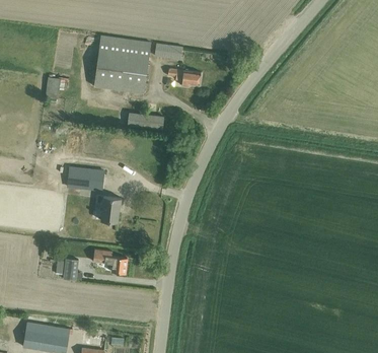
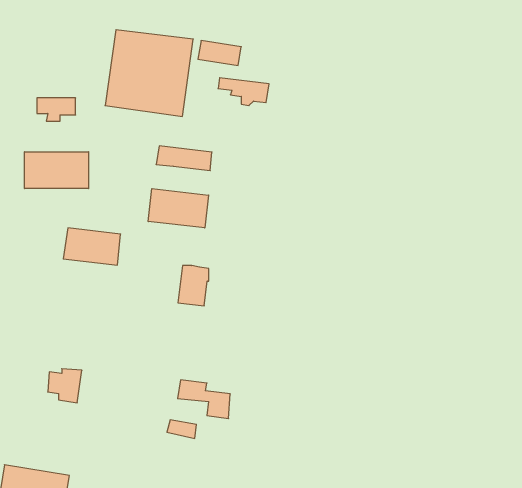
building: none -> [25,152,89,189]
building: none -> [148,189,209,228]
building: [100,197,121,223] -> [178,266,209,306]
building: [92,250,127,275] -> [178,380,230,419]

